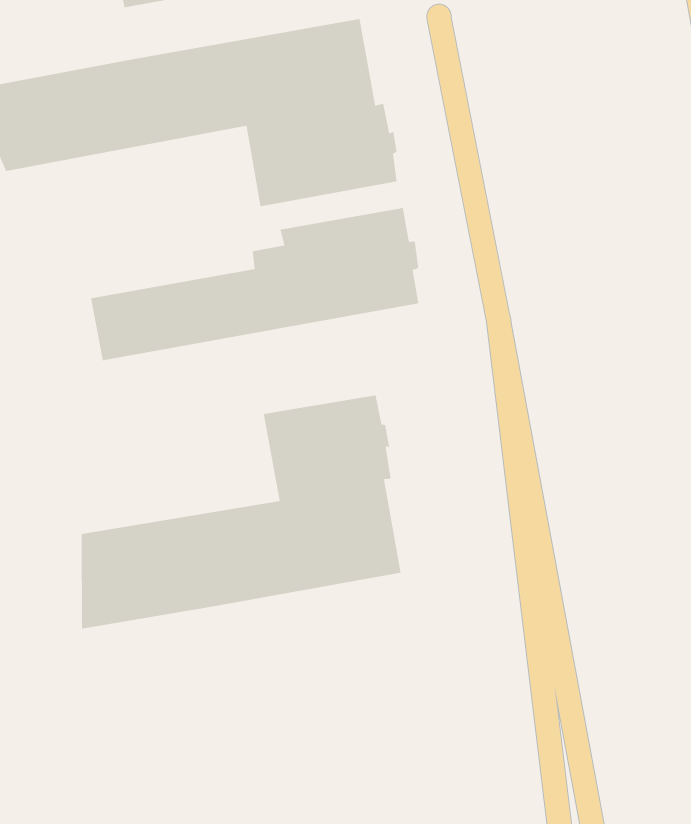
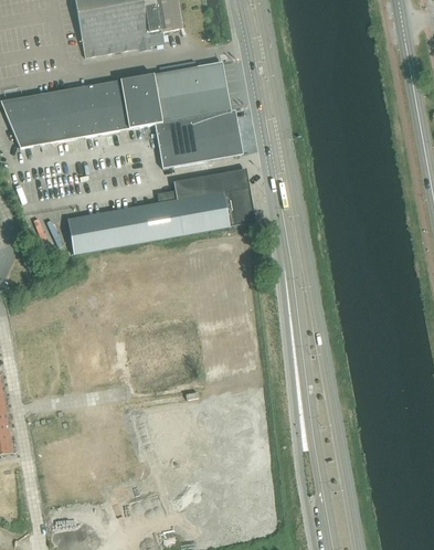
building: [81,394,402,629] -> none

